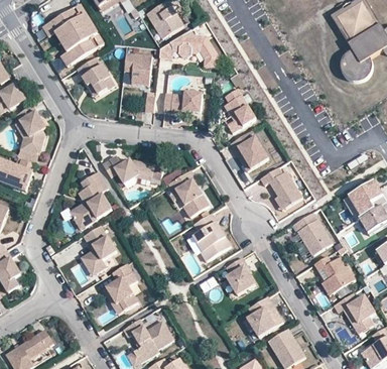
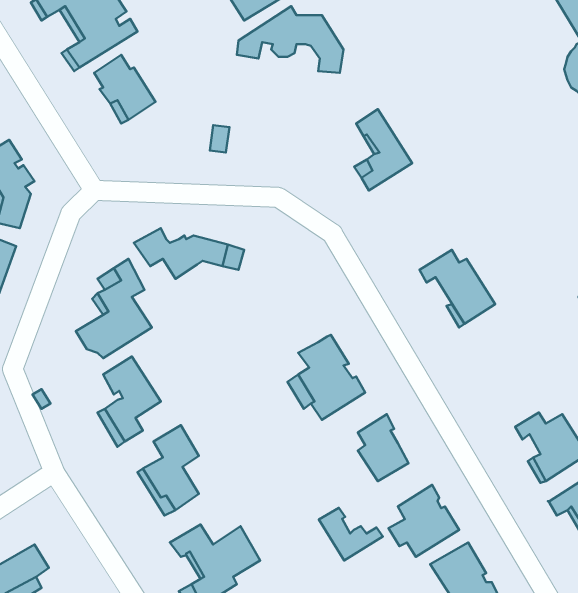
building: [124,53,152,85] -> none
building: [163,92,203,114] -> none
building: [230,129,268,169] -> none
building: [169,169,210,216] -> none
building: [292,212,332,255] -> none
building: none -> [319,508,383,561]

